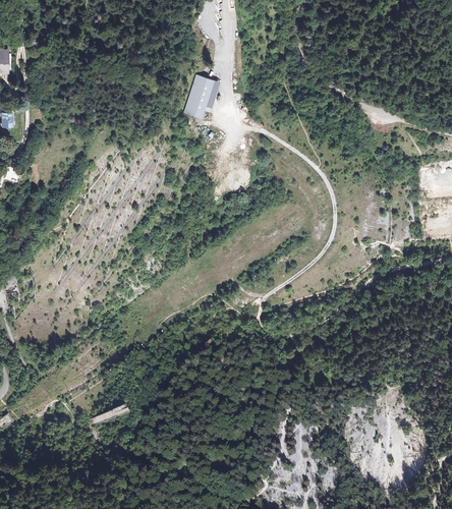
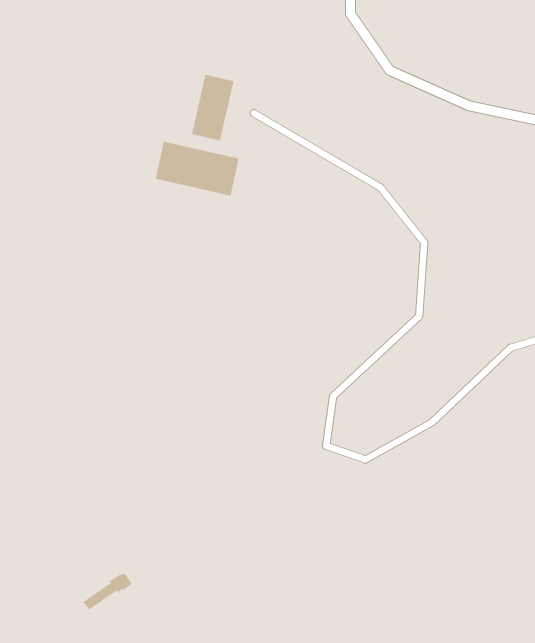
building: none -> [155,141,239,197]

